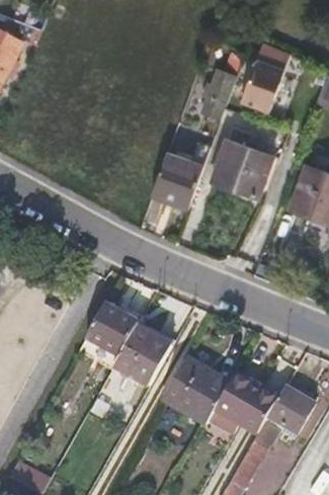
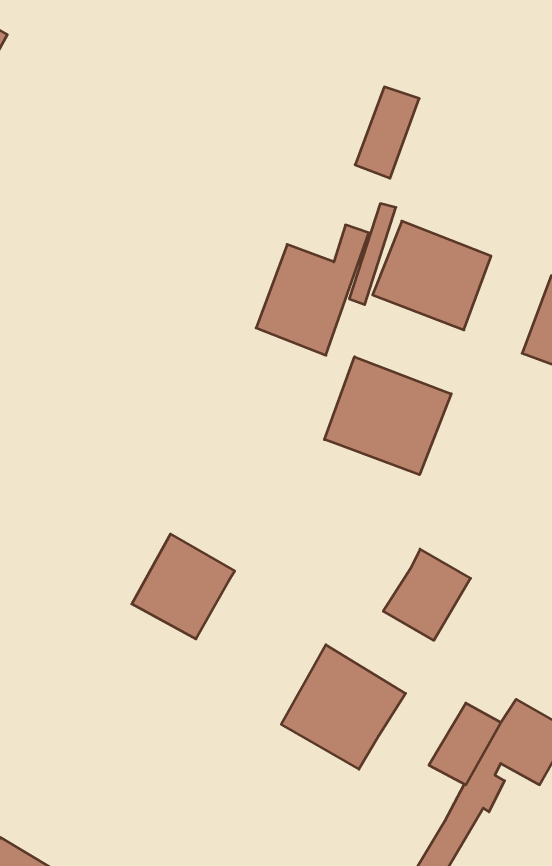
building: [240,40,290,108] -> none
building: none -> [324,357,451,475]
building: [114,325,171,385] -> none
building: [215,374,260,421] -> [383,549,471,640]

